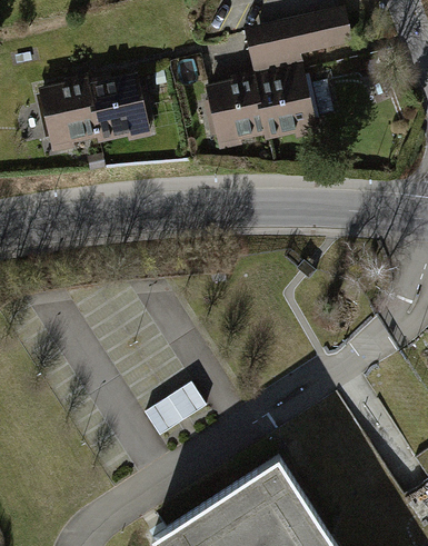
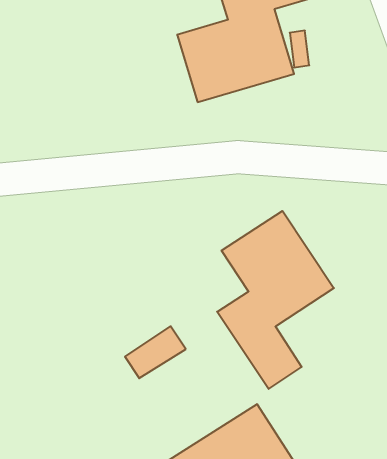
building: [37,69,151,159] -> none
building: none -> [217,211,334,389]

